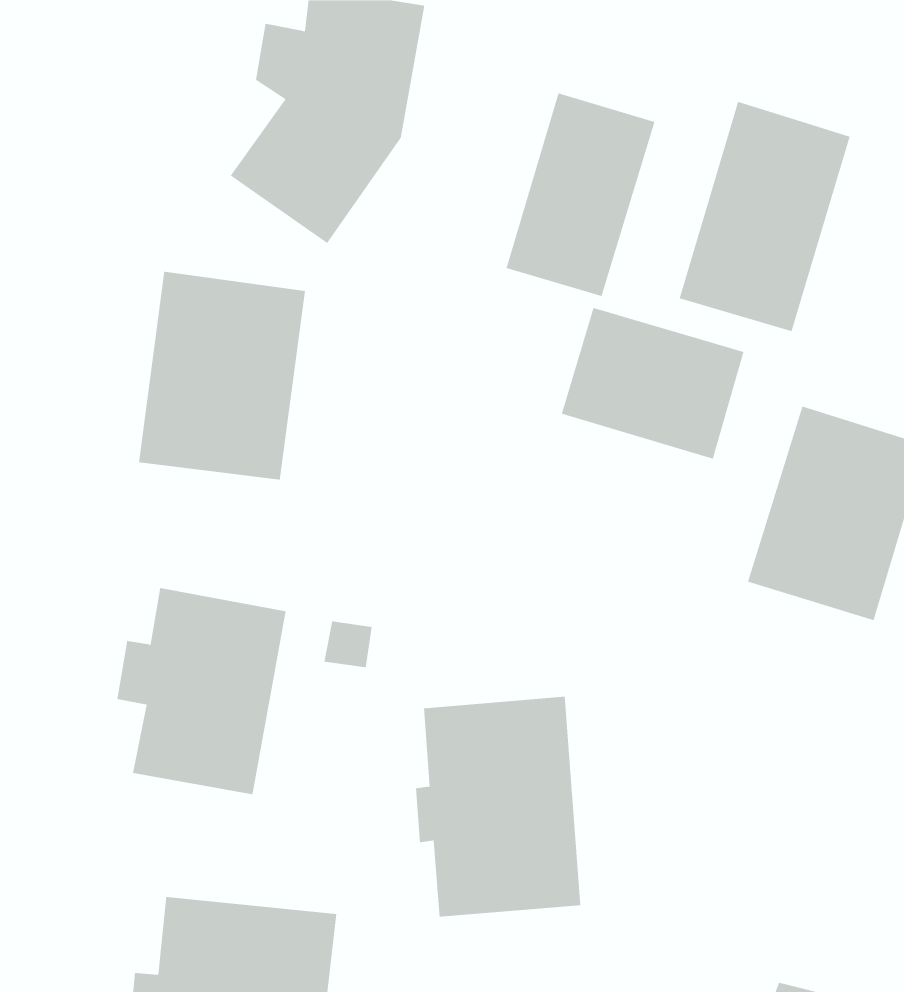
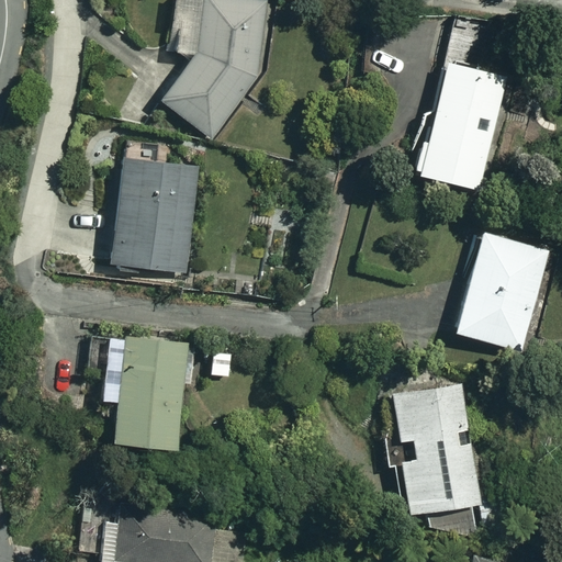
building: [506,92,655,297] -> none
building: [561,307,744,459] -> none
building: [415,696,581,917] -> [384,385,477,509]

